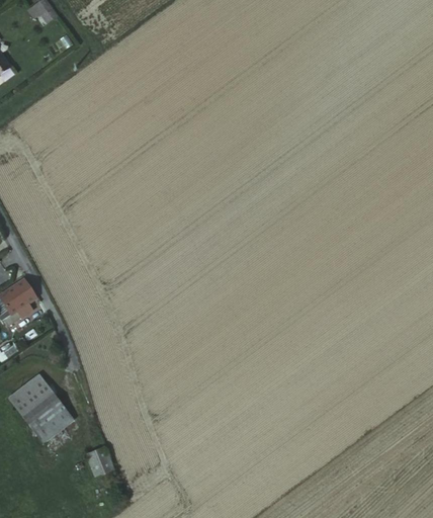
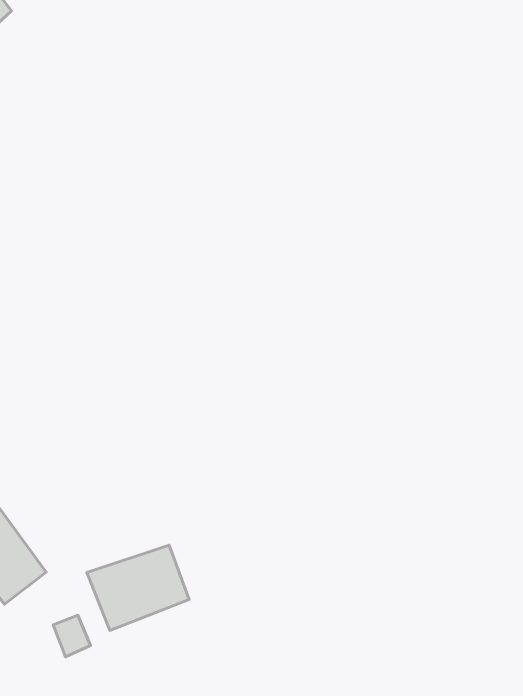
building: none -> [87,545,189,631]

